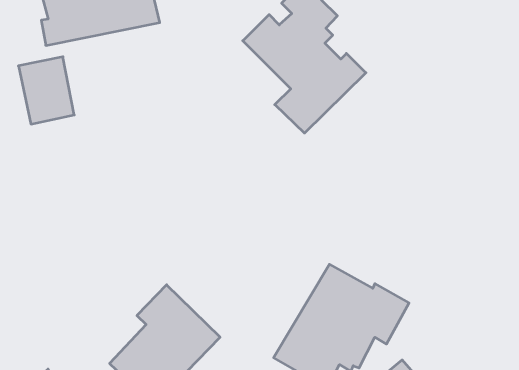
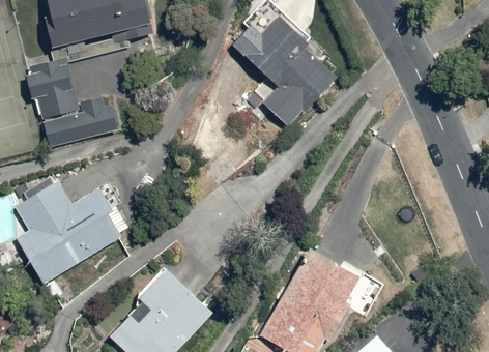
building: none -> [44,96,118,147]
building: none -> [15,179,133,301]

